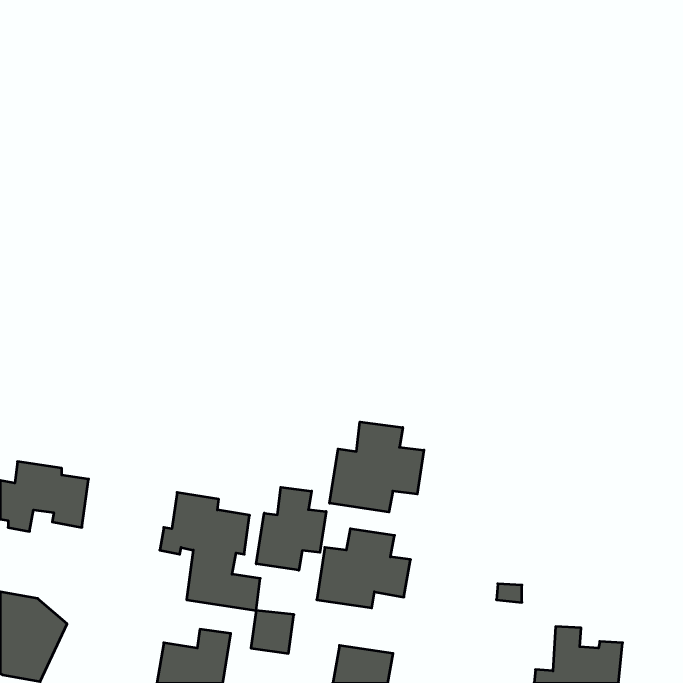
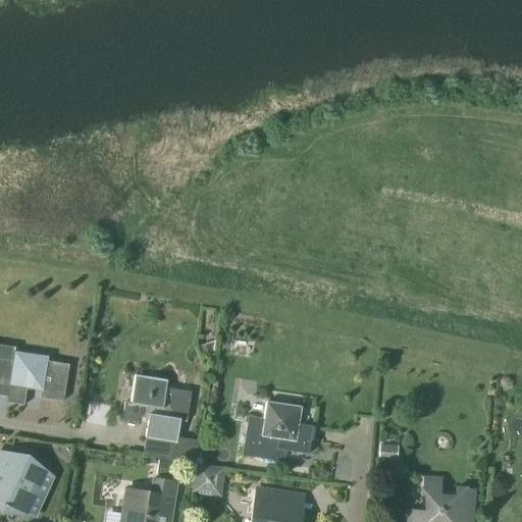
building: [330,422,424,512] -> none
building: [256,487,326,570] -> none

